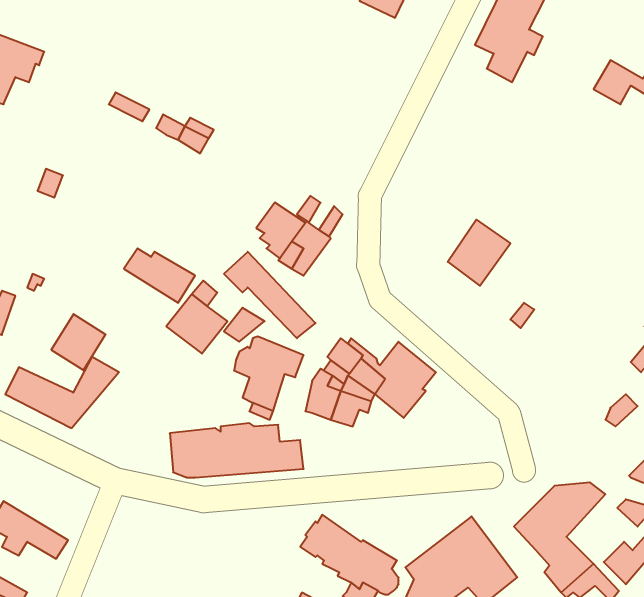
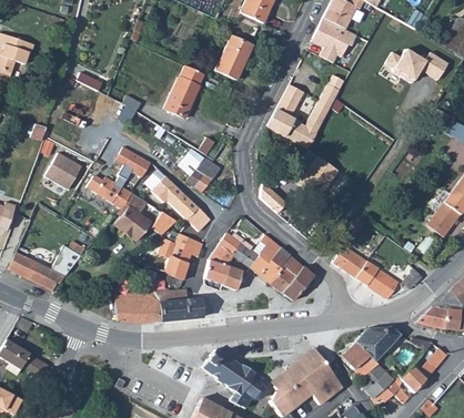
building: none -> [214,34,253,80]
building: none -> [162,64,203,118]
building: none -> [266,83,340,147]
building: none -> [110,140,151,177]
building: [51,314,106,370] -> [47,153,82,190]
building: none -> [333,247,399,298]
building: none -> [269,254,314,302]

